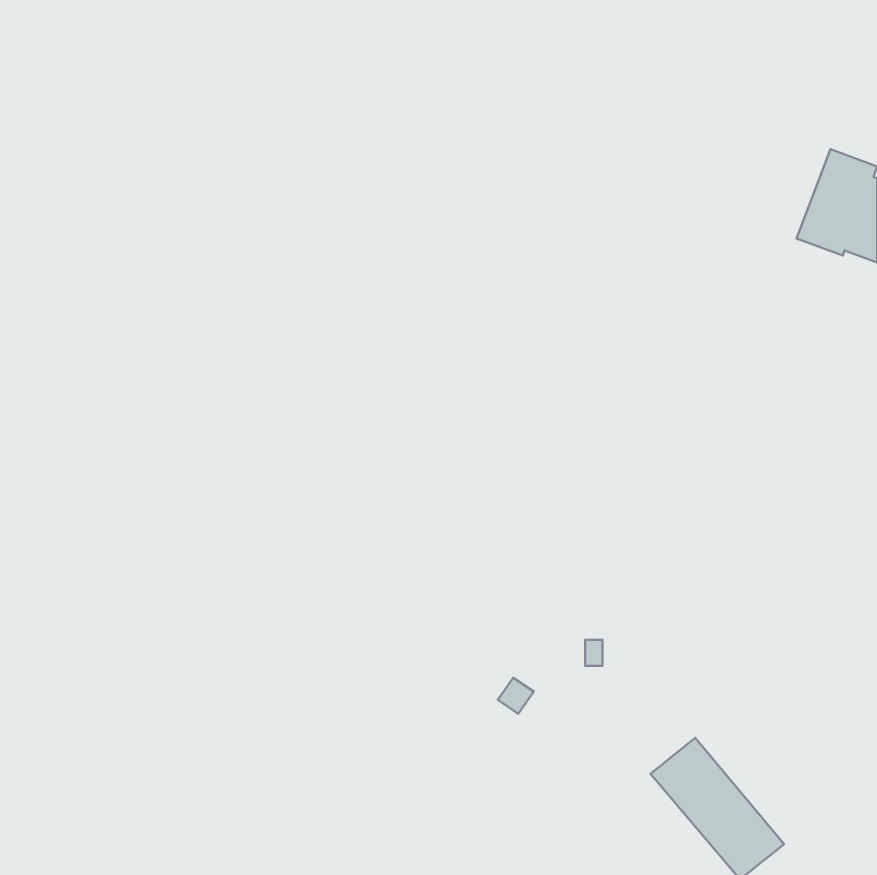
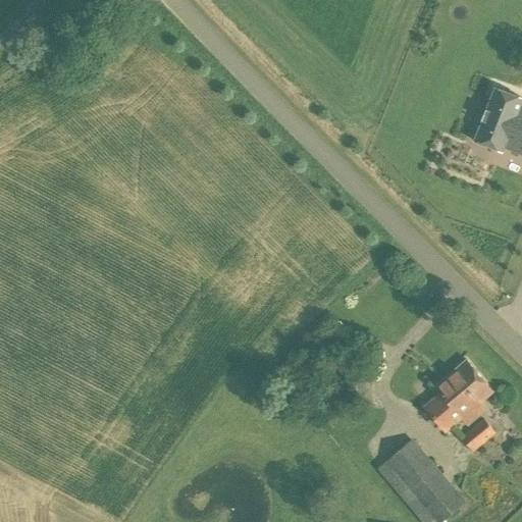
building: none -> [424,362,491,432]
building: none -> [461,419,495,453]

